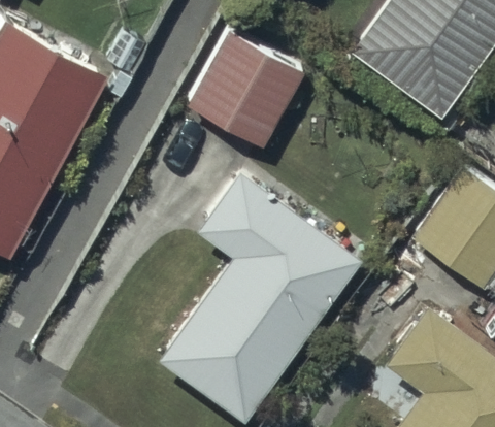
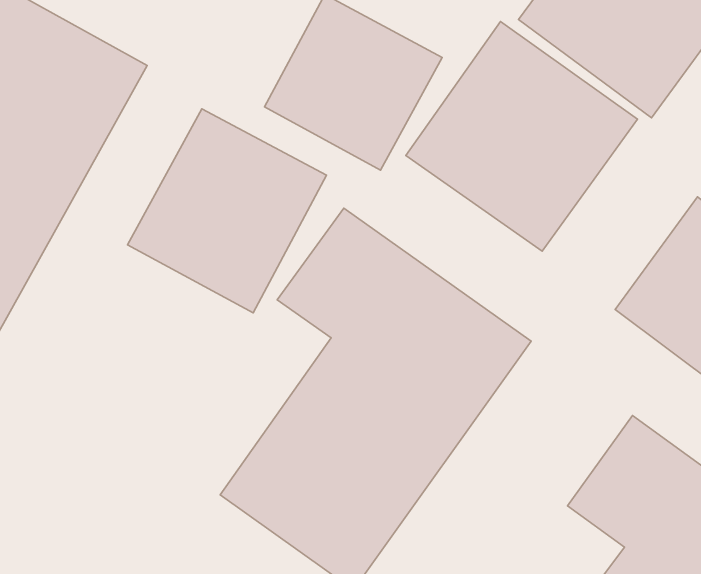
building: none -> [406,21,637,251]
building: none -> [127,109,327,313]

